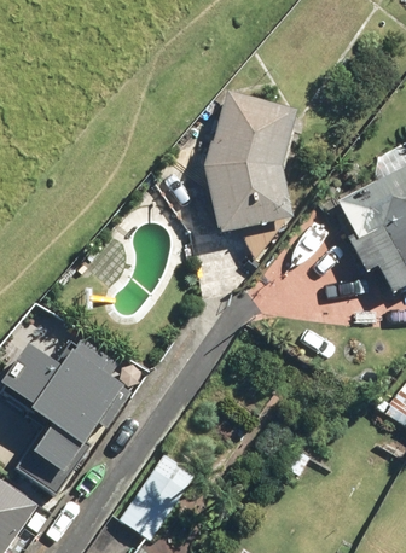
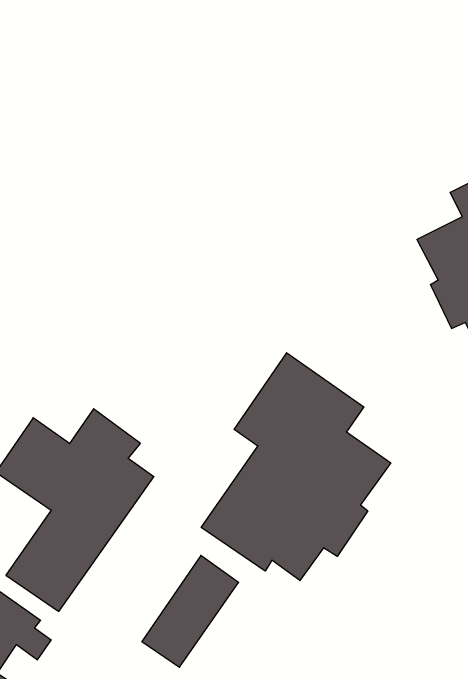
building: [203,88,301,231] -> none
building: none -> [201,353,391,581]

